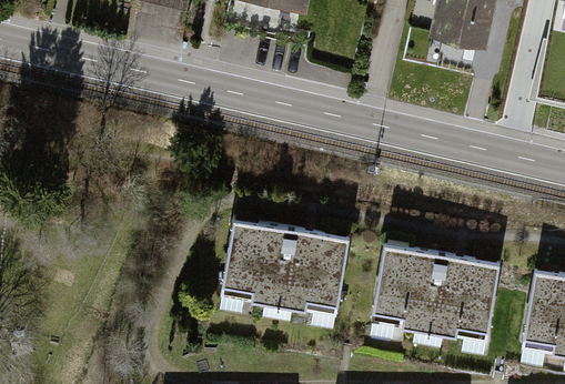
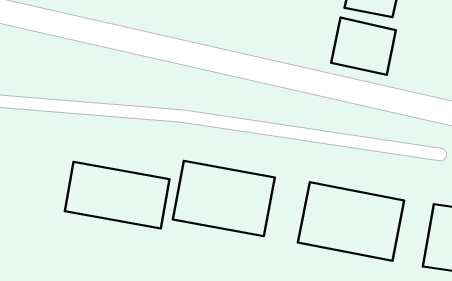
building: none -> [331,18,396,75]
building: none -> [65,162,170,229]

